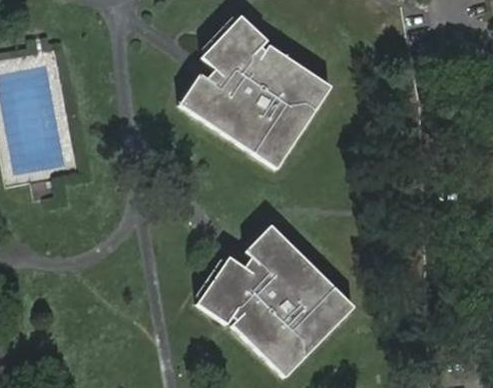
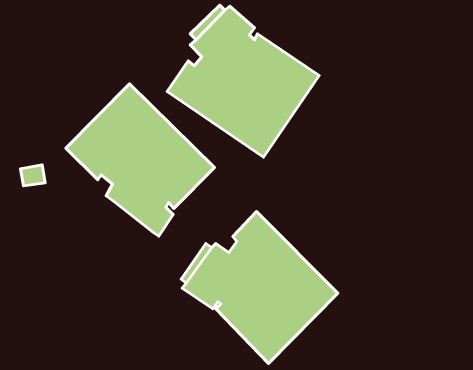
building: none -> [66,84,215,236]

